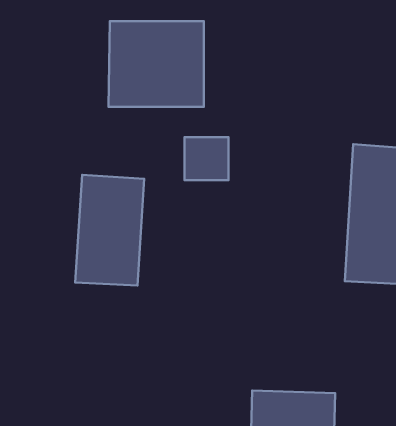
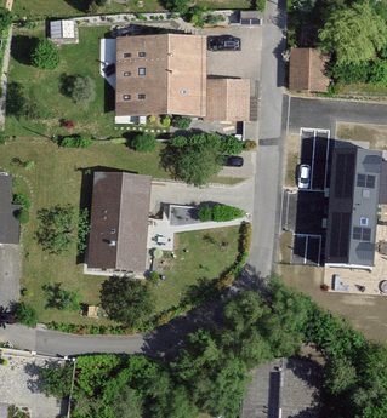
building: none -> [288,52,326,91]
building: [184,137,229,180] -> [207,79,246,116]

